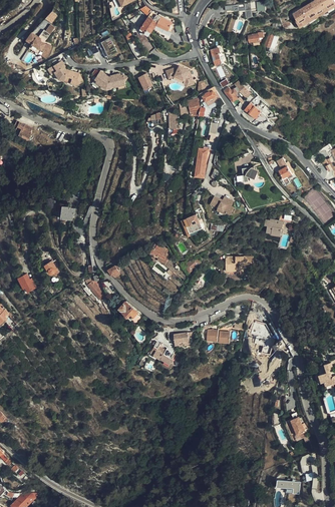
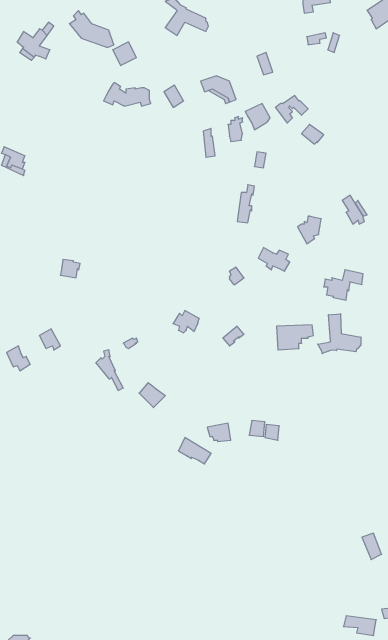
building: [49,60,83,88] -> [69,11,114,47]
building: none -> [318,314,361,354]

